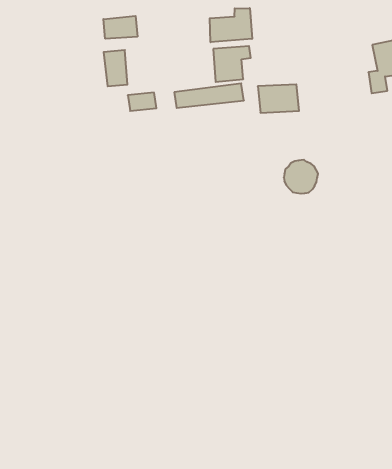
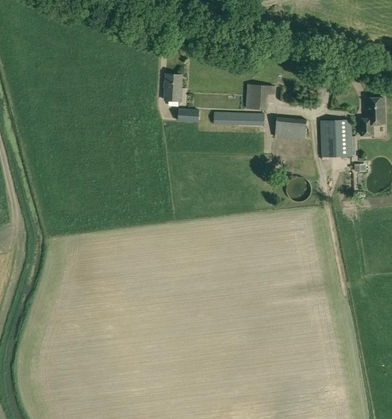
building: [210,8,252,42] -> none
building: [103,16,137,39] -> none
building: none -> [319,120,352,157]

